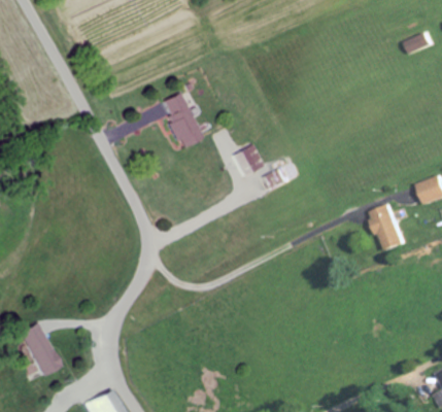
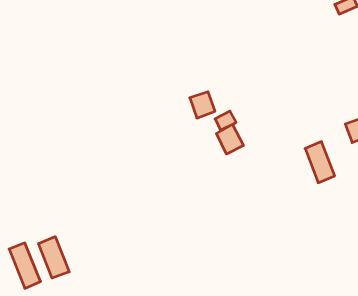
building: [159,93,202,148] -> none
building: none -> [216,124,243,154]
building: none -> [39,237,69,278]

